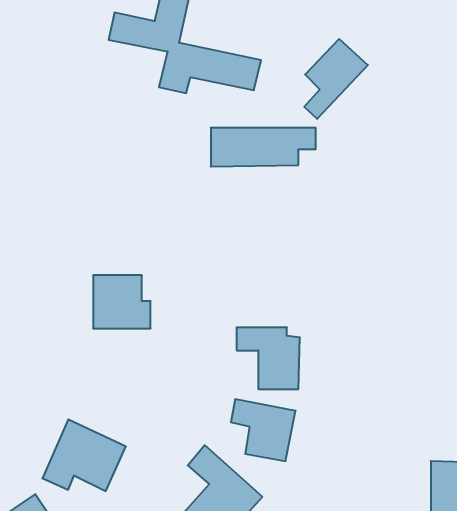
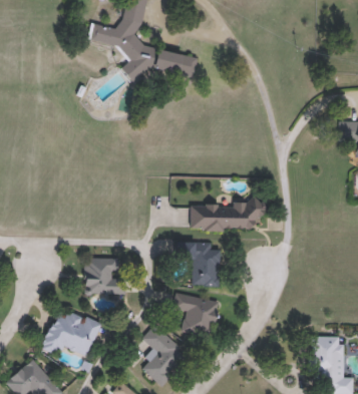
building: [304,39,368,119] -> none
building: [211,128,316,167] -> [188,204,261,231]
building: [93,275,151,328] -> [82,258,122,295]

